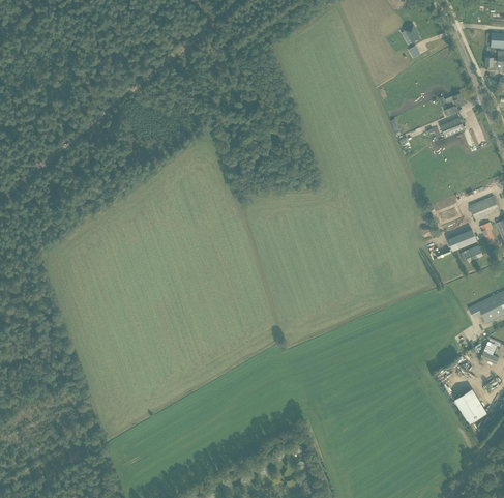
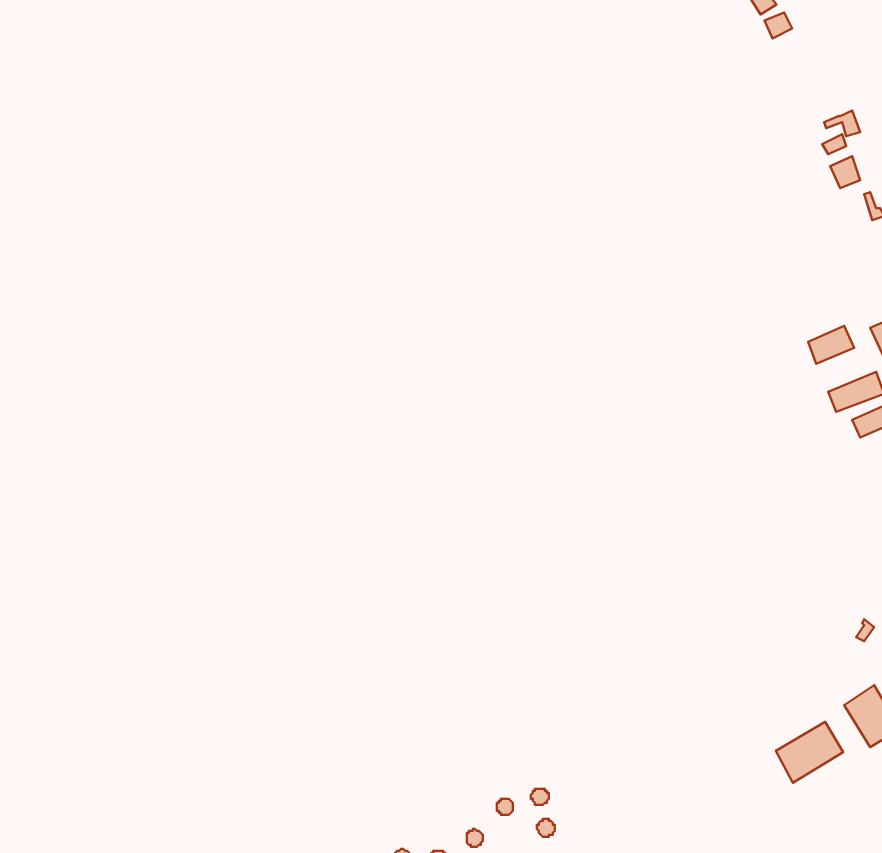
building: none -> [776,722,843,783]

